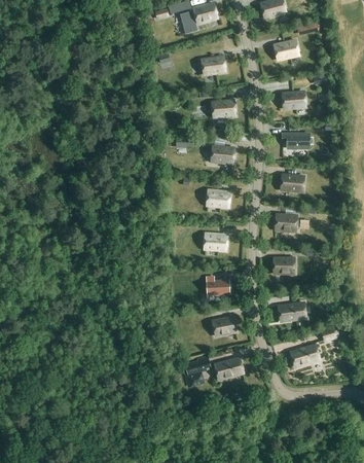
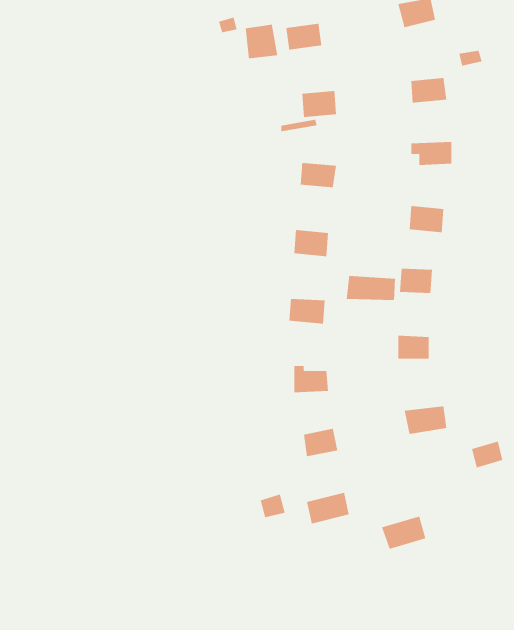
building: none -> [245,24,278,59]
building: none -> [346,275,395,301]
building: [290,344,319,365] -> [381,516,426,550]

